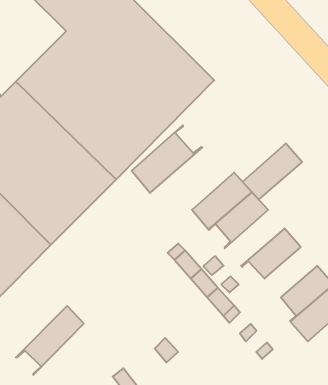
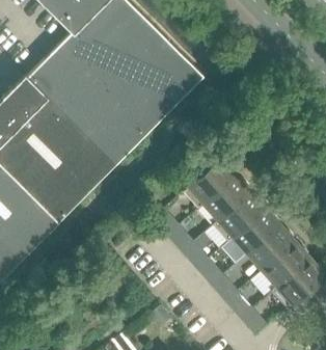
building: [132,125,202,193] -> none
building: [243,143,302,199] -> [213,192,266,242]
building: none -> [248,225,295,270]
building: [16,306,84,375] -> none

